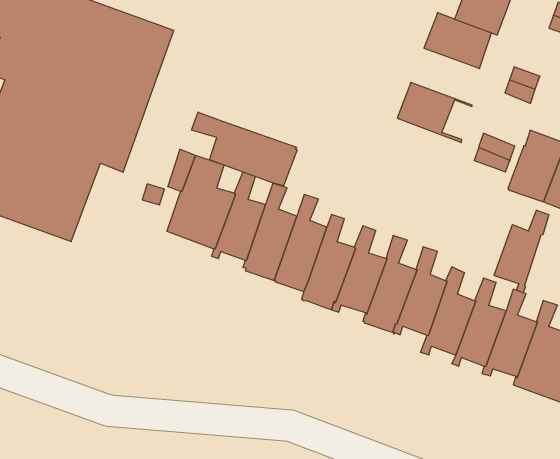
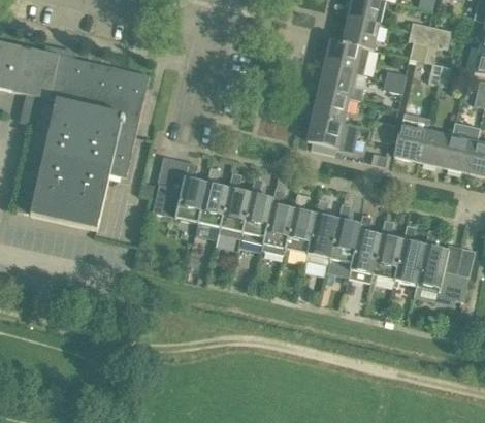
building: none -> [317,65,364,100]
building: [191,112,297,186] -> none
building: none -> [305,116,357,152]
building: [494,210,549,293] -> none

